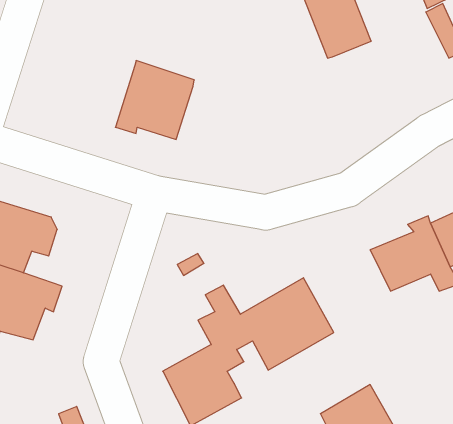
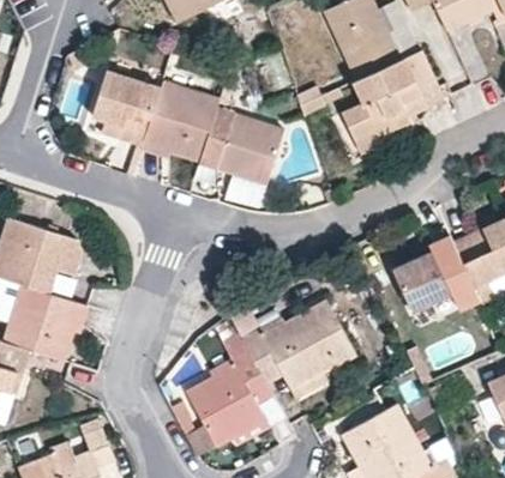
building: none -> [344,50,441,140]
building: none -> [90,72,160,150]
building: none -> [199,109,284,187]

